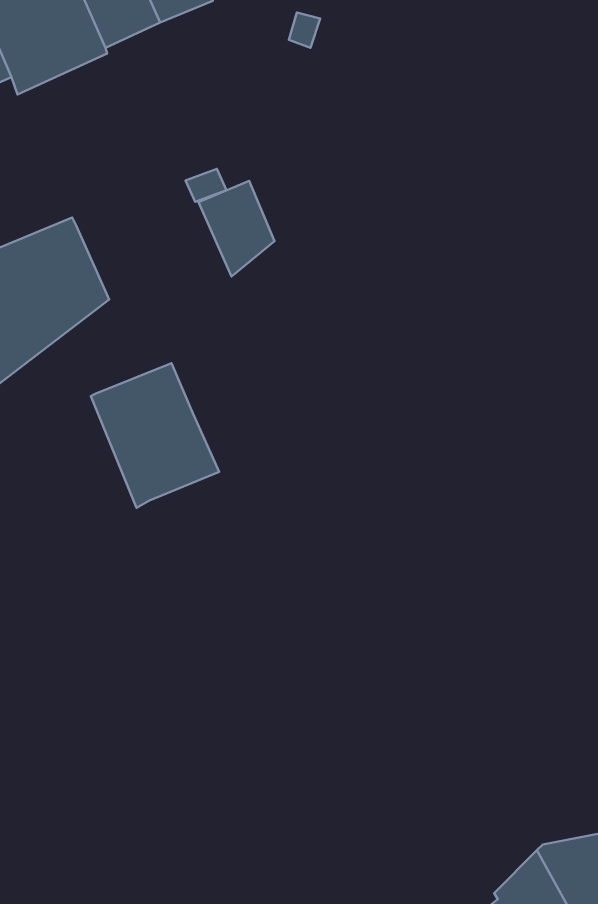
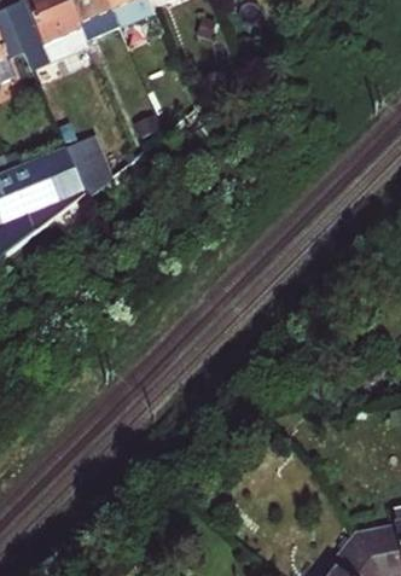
building: [198,181,275,276] -> [64,136,111,196]
building: [91,363,219,508] -> none

